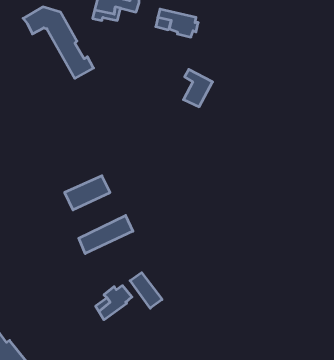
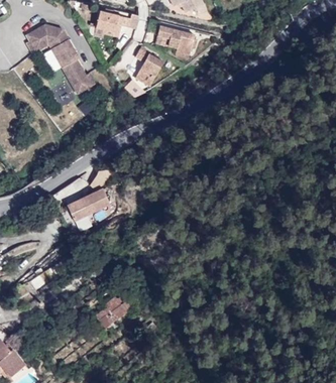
building: [183,69,213,107] -> [134,49,162,86]
building: [79,215,133,254] -> none
building: [130,273,162,308] -> none

